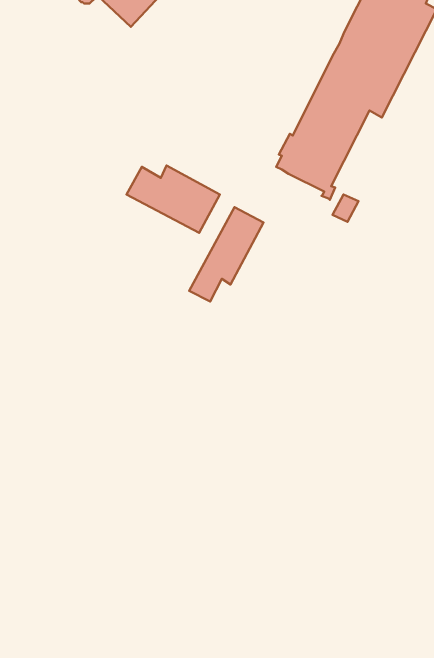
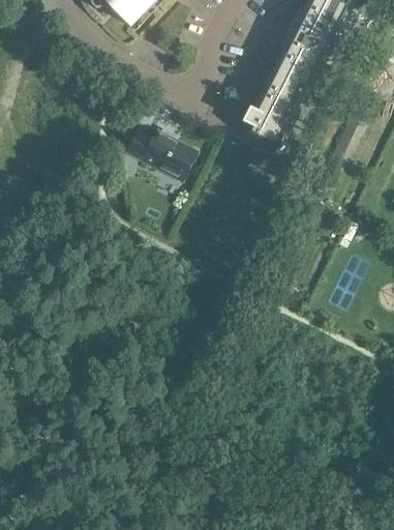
building: [189,207,264,302] -> none

